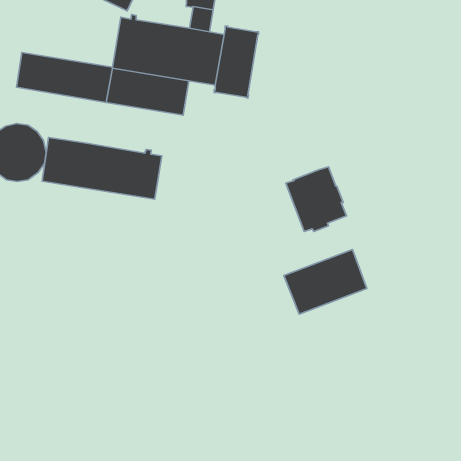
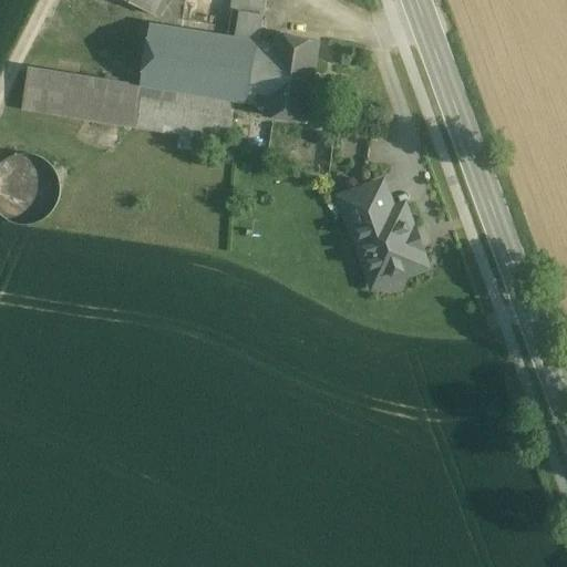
building: [42,137,162,199] -> none
building: none -> [339,181,389,224]
building: [284,249,367,314] -> none

